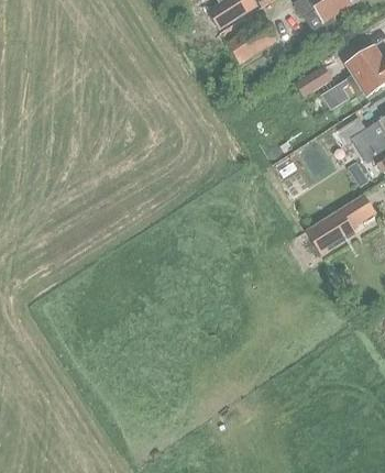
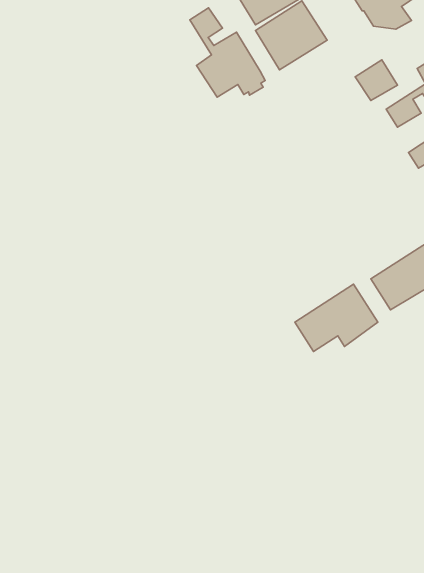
building: none -> [190,8,265,97]
building: none -> [295,284,378,352]

